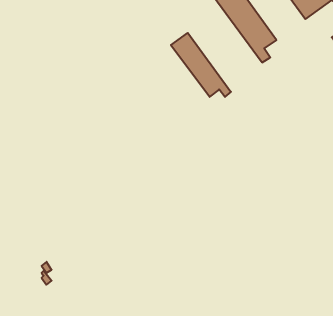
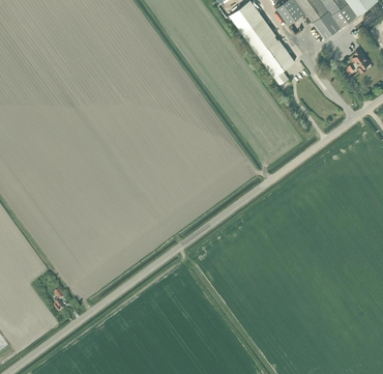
building: [171,33,231,97] -> none

